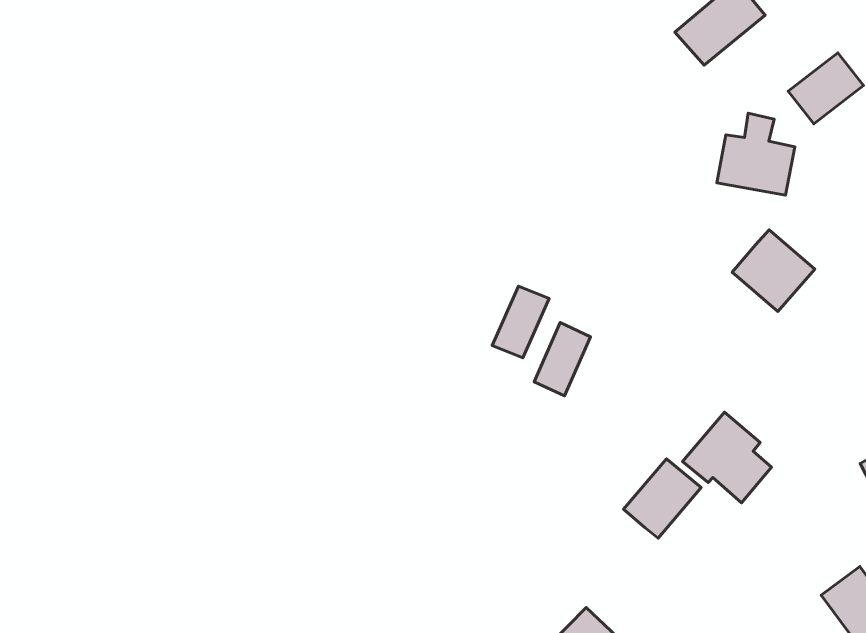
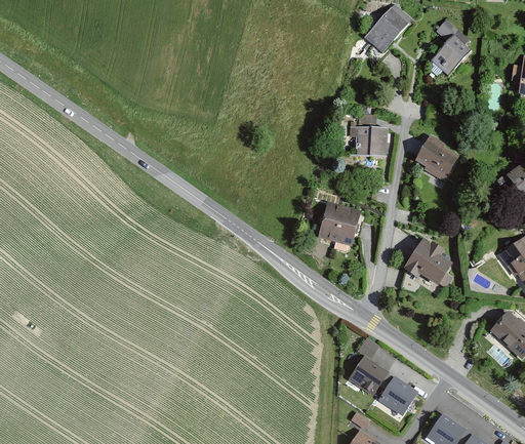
building: [717,113,795,195] -> [349,115,388,156]
building: [492,286,549,358] -> [335,208,362,246]
building: [624,459,701,538] -> none

